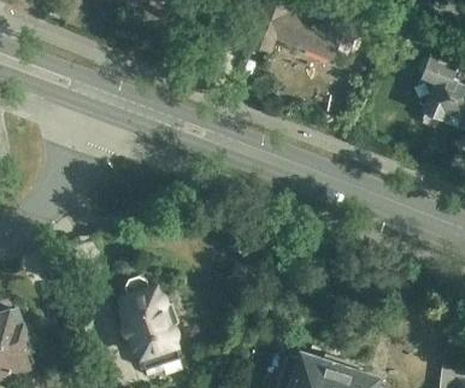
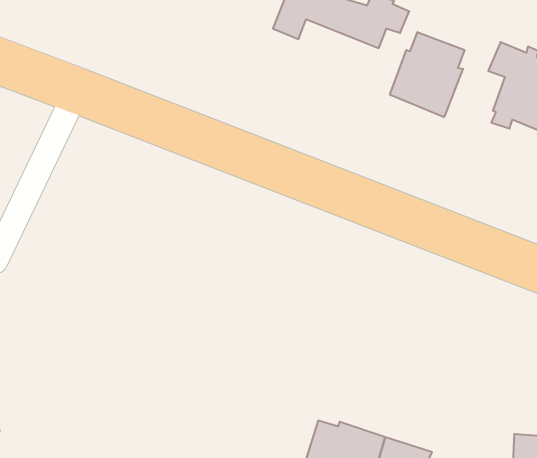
building: none -> [390,32,464,117]
building: [118,277,177,371] -> none

